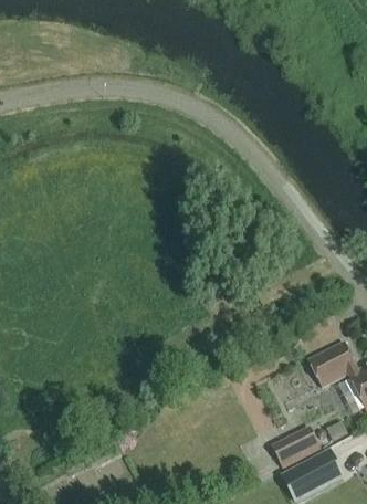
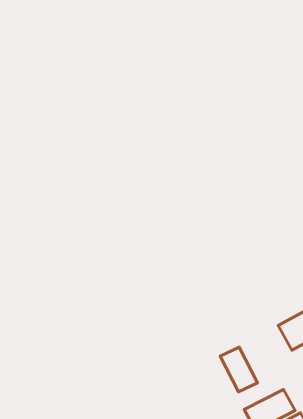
building: none -> [220,347,258,392]

